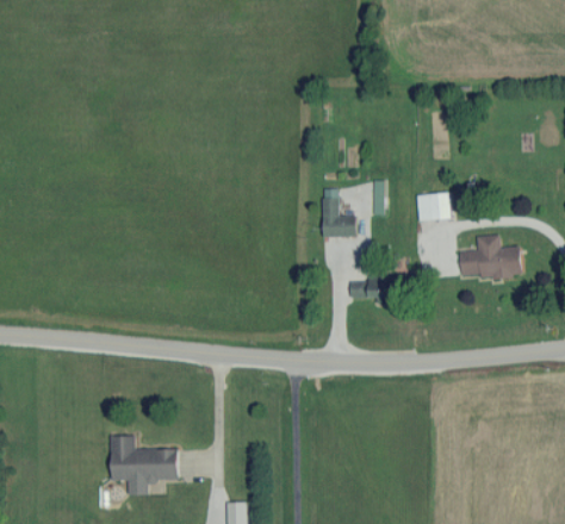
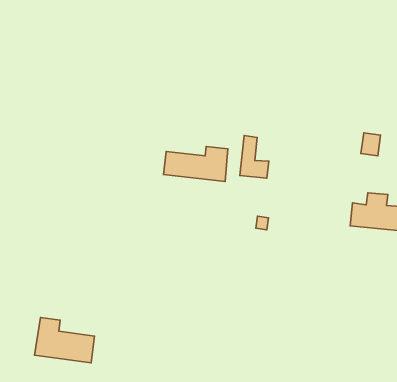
building: [431,193,452,218] -> [361,133,381,156]
building: none -> [164,146,228,181]

